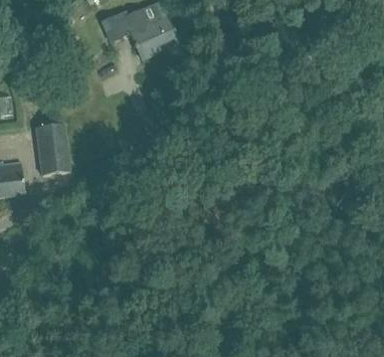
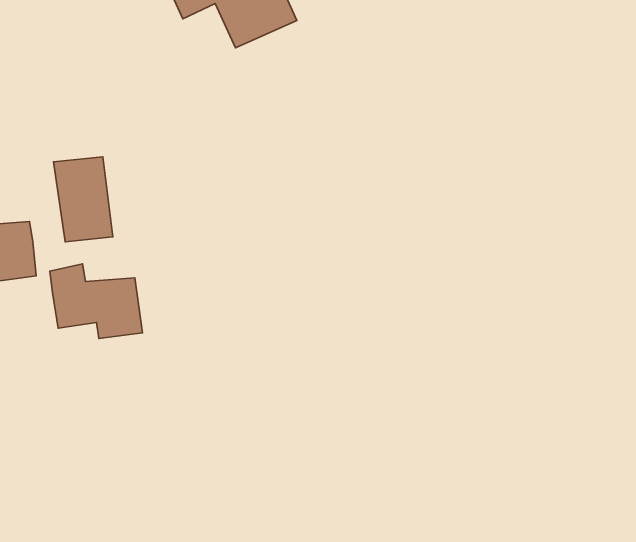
building: none -> [50,264,143,339]

